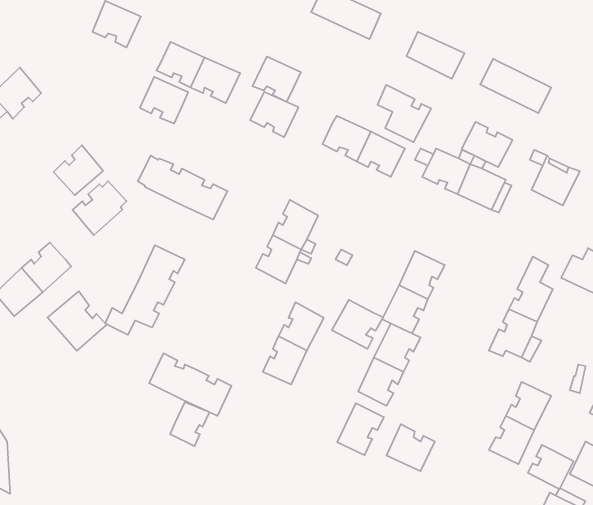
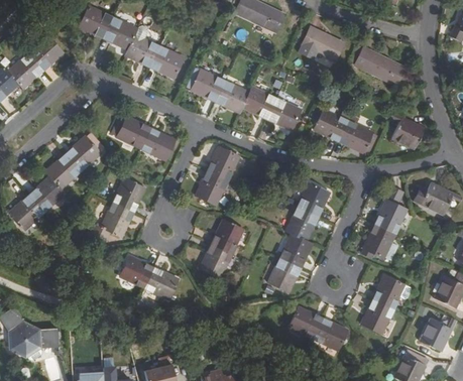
building: none -> [28,34,64,70]
building: [252,56,301,102] -> [216,80,250,112]
building: [140,77,188,124] -> [104,15,138,48]
building: [377,85,431,142] -> none
building: [461,122,512,167] -> none
building: [53,145,103,195] -> [45,152,81,187]
building: [48,291,106,351] -> none
building: [332,300,383,349] -> none
building: [170,402,209,446] -> none
building: [337,403,384,455] -> none
building: none -> [19,316,57,357]
building: none -> [313,316,348,350]
building: [528,445,573,489] -> none

